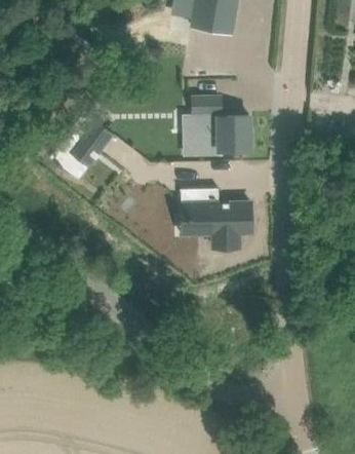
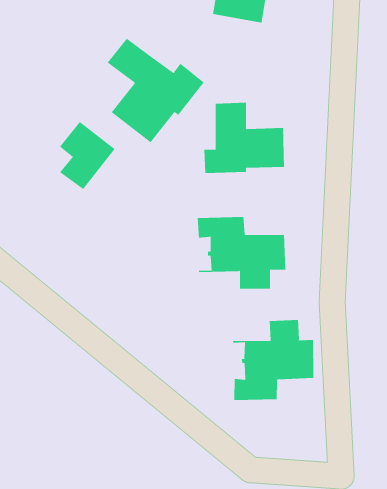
building: none -> [107,38,204,143]
building: none -> [233,319,314,401]

